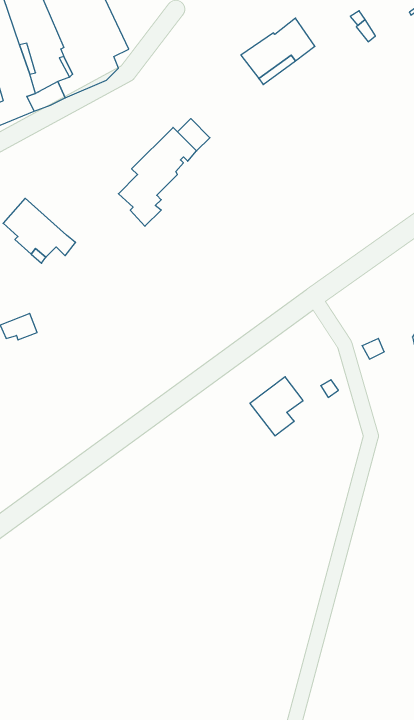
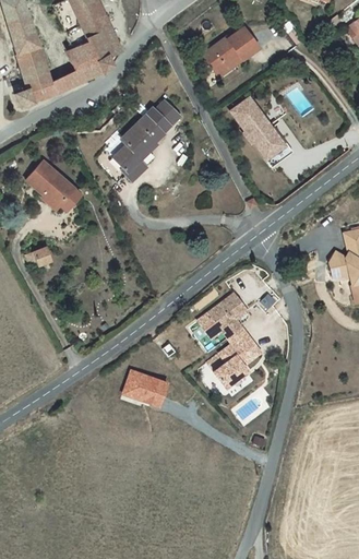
building: none -> [231,97,294,168]
building: none -> [215,325,262,388]
building: none -> [124,369,172,405]

